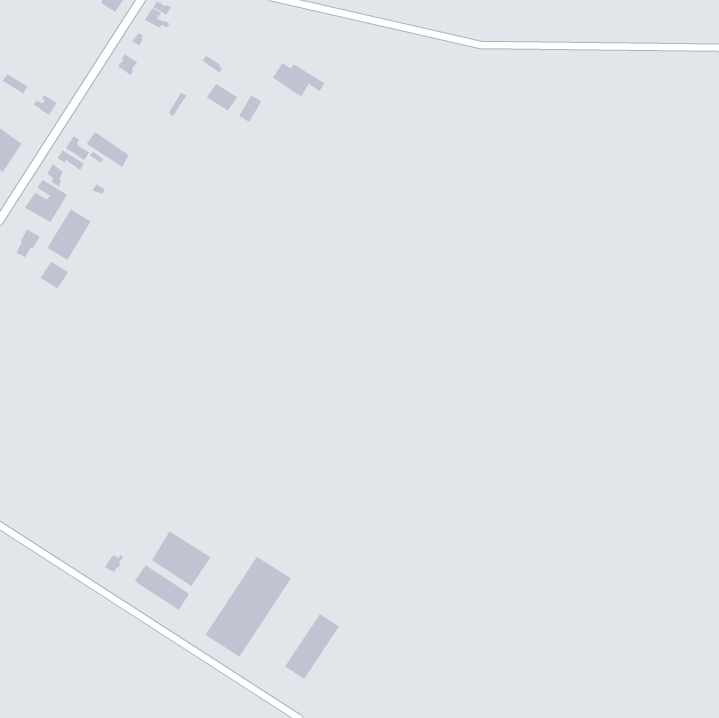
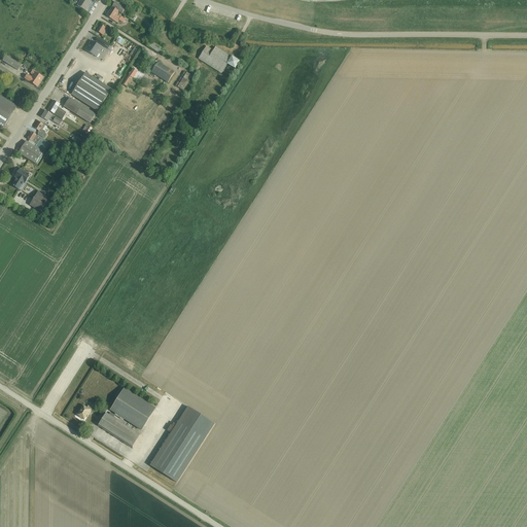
building: none -> [71,71,111,110]
building: [47,209,92,261] -> none
building: [284,613,340,680] -> none

